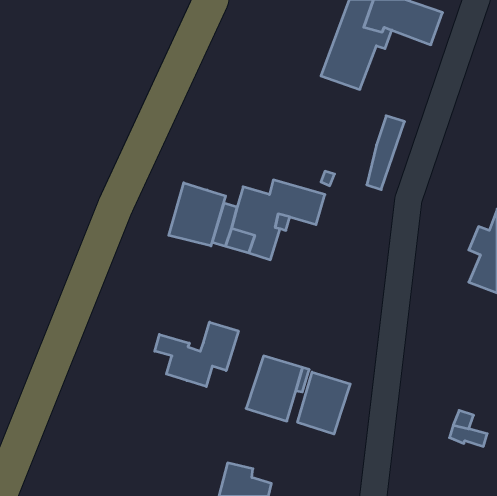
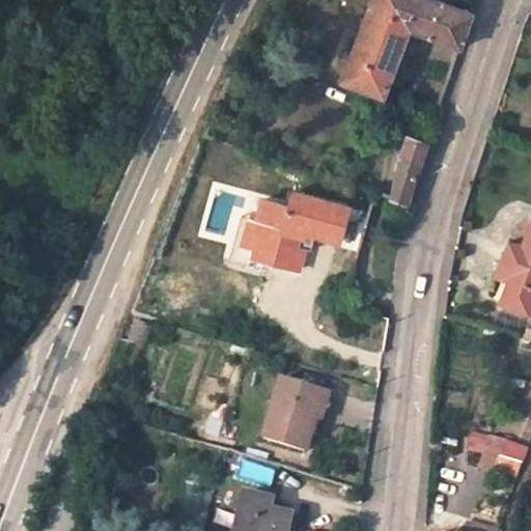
building: [169,183,226,246] -> none
building: [155,322,238,387] -> none
building: [298,372,350,434] -> none

